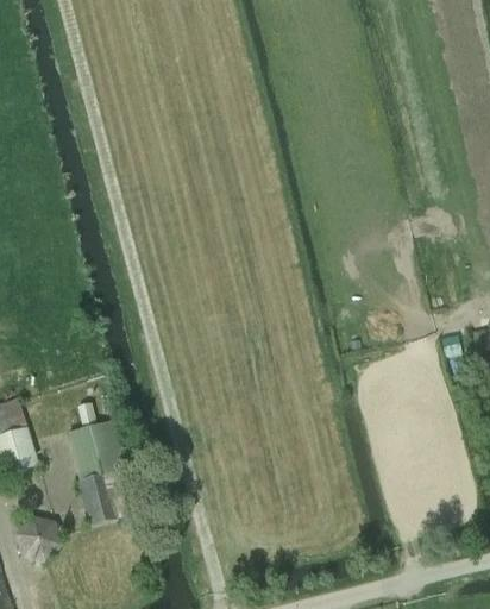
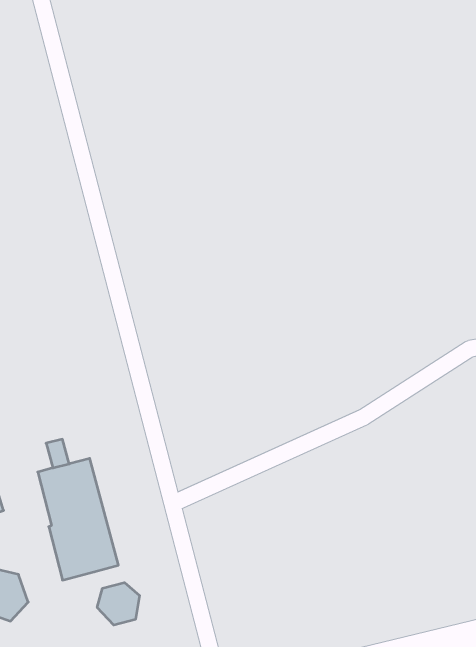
building: none -> [97,583,140,625]

